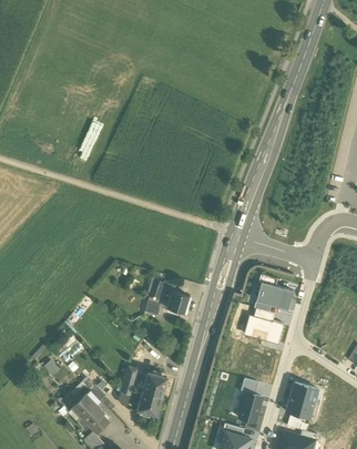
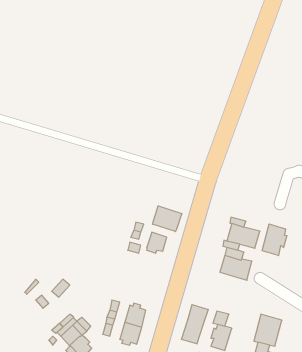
building: none -> [153,206,182,232]
building: none -> [262,224,287,256]
building: none -> [182,304,208,344]

